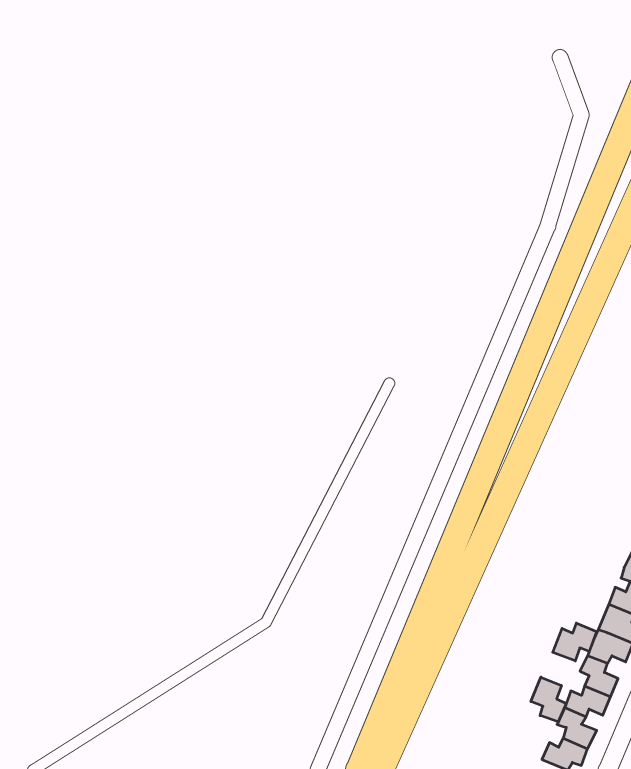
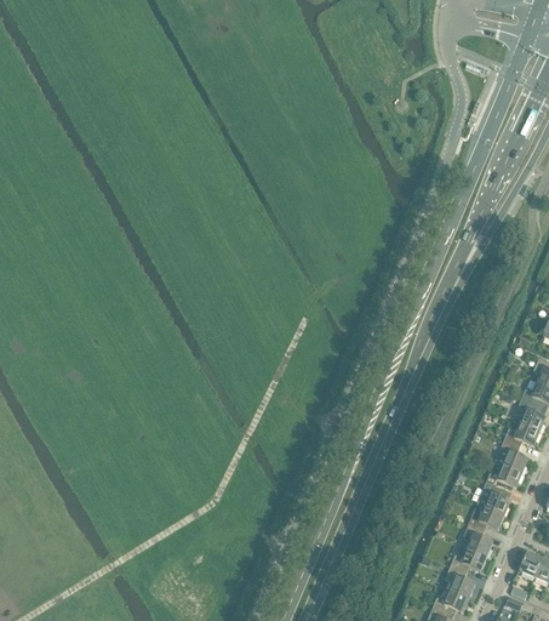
building: [553,623,596,661] -> none
building: [531,677,566,722] -> none

